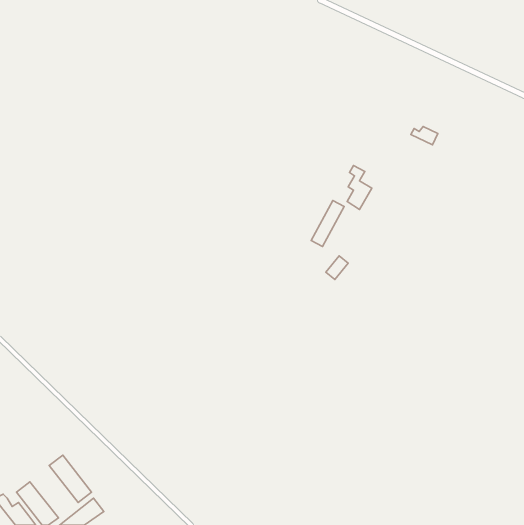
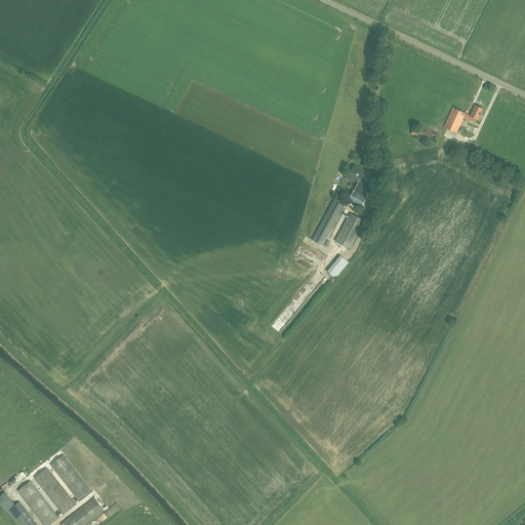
building: none -> [443,106,482,133]
building: none -> [333,212,365,250]
building: none -> [33,468,75,515]

